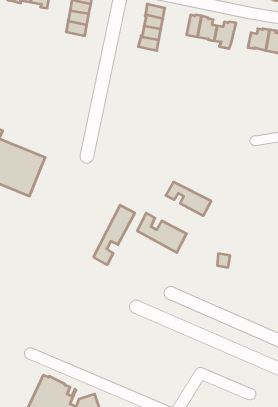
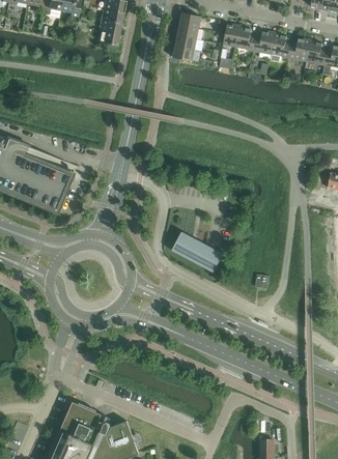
building: none -> [271,32,291,62]
building: [166,182,211,216] -> none
building: [94,205,135,265] -> none

